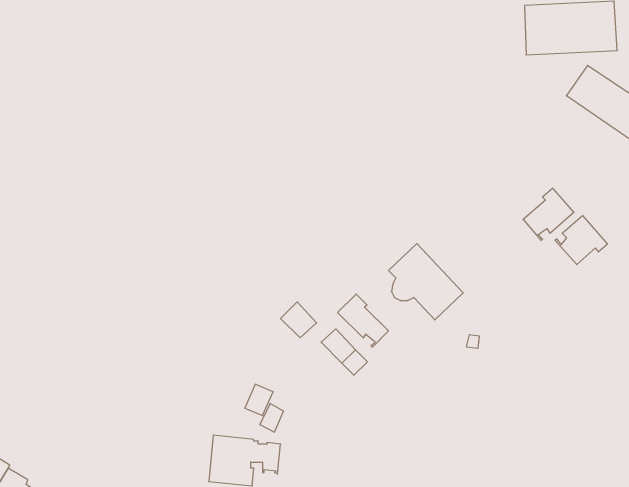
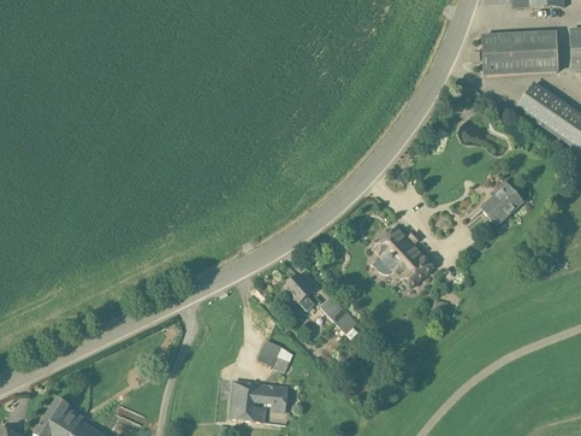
building: [555,216,607,265] -> none
building: [338,294,388,347] -> none

